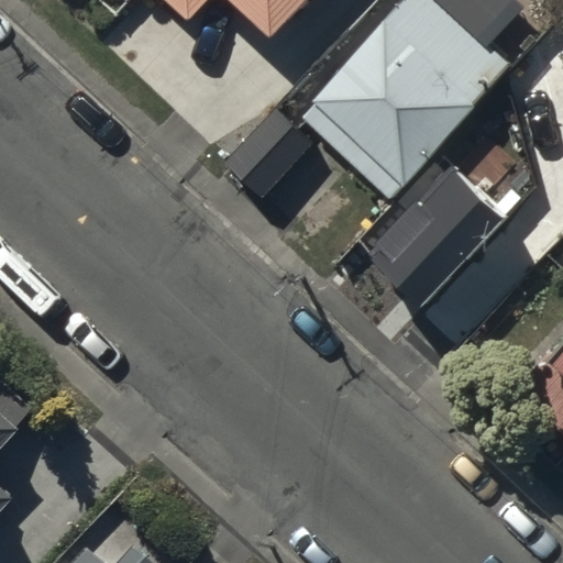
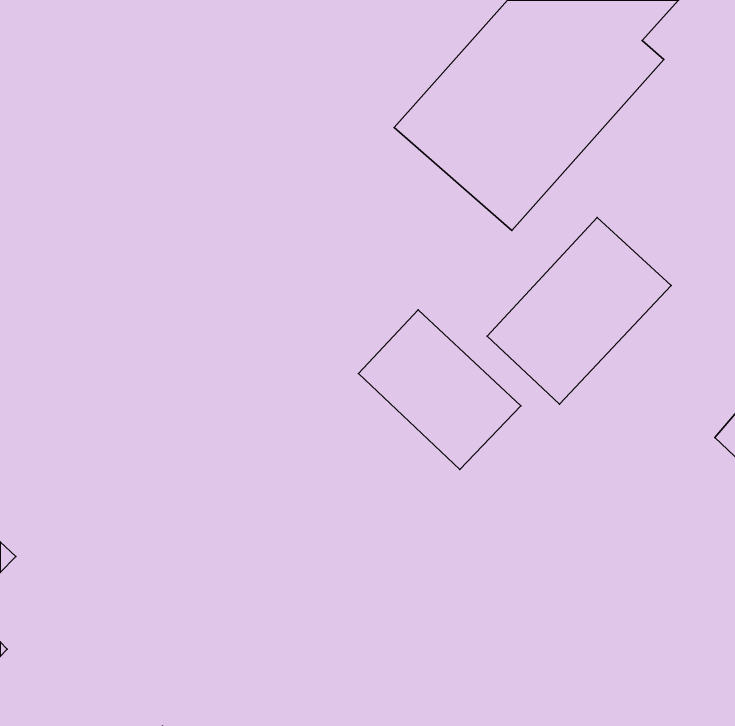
building: none -> [359,310,521,470]

